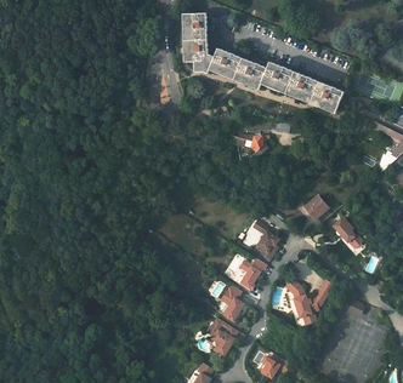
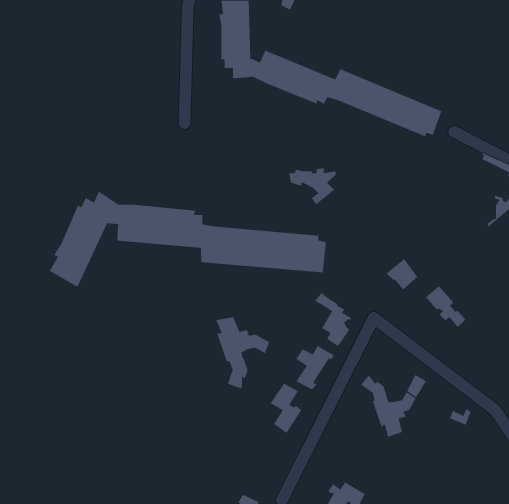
building: none -> [49,190,326,288]
building: none -> [216,316,270,389]
building: [209,319,238,356] -> none

